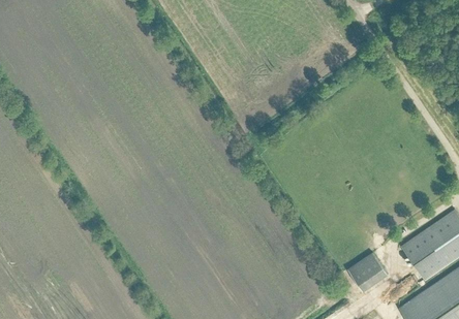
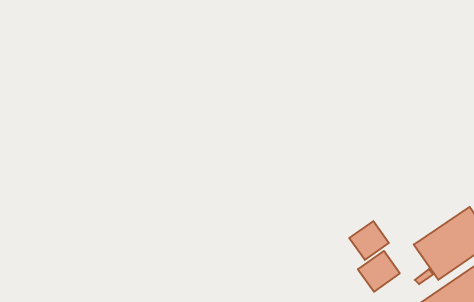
building: none -> [349,221,389,260]

